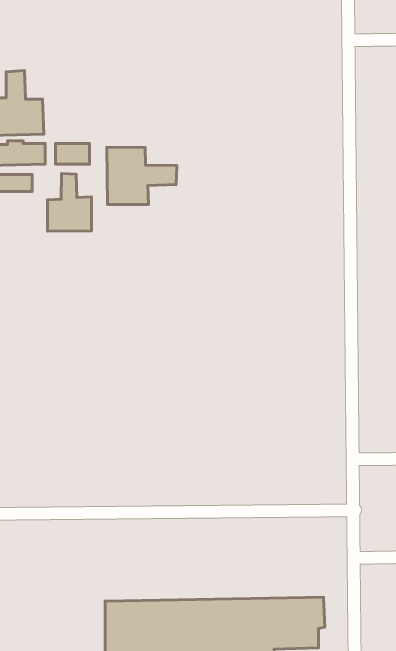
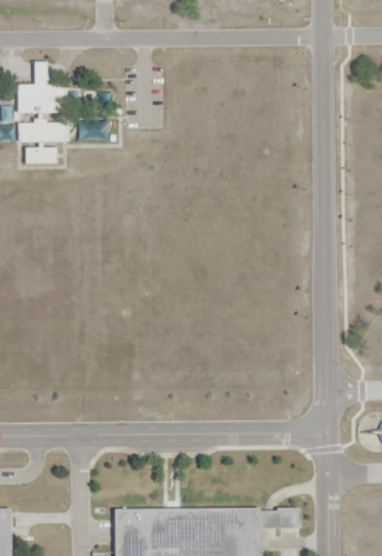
building: [107,147,177,204] -> none
building: [47,173,92,231] -> none

